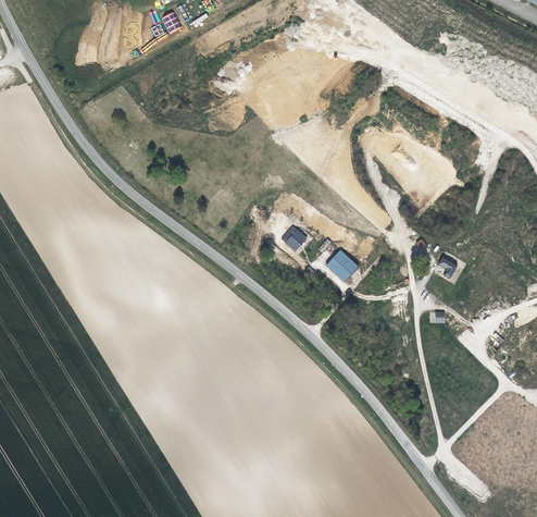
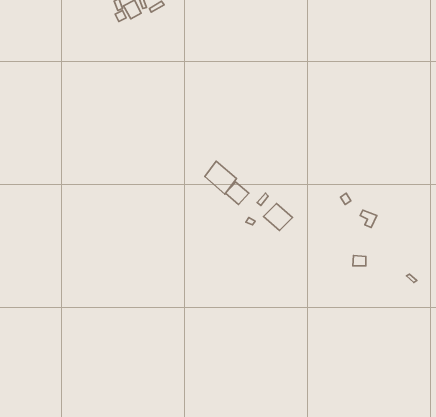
building: none -> [205,161,236,194]

